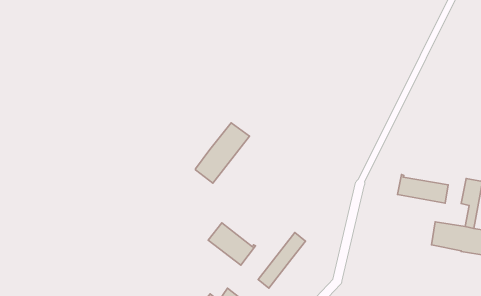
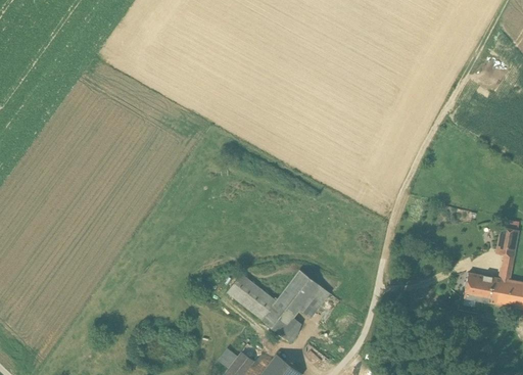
building: [196,123,249,183] -> [262,270,319,334]
building: [398,175,448,203] -> none

